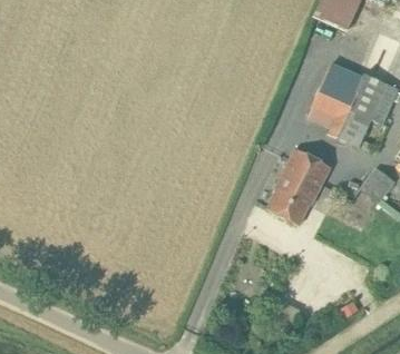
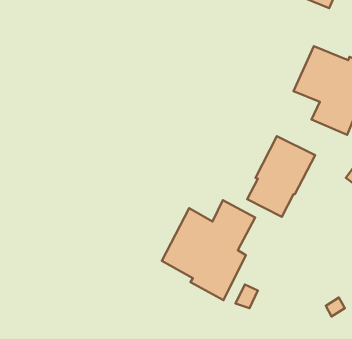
building: none -> [162,200,255,300]

